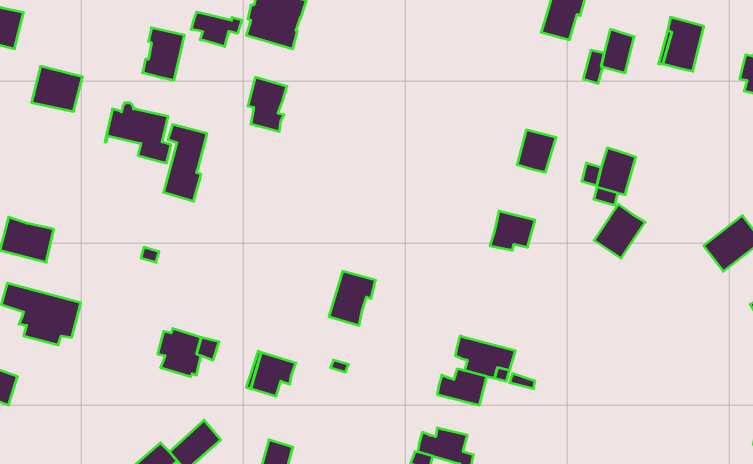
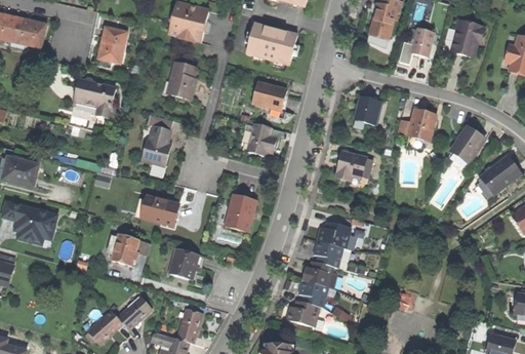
building: [191,12,242,47] -> none
building: none -> [246,23,297,65]
building: [31,66,83,111] -> [11,16,46,47]
building: none -> [252,82,287,111]
building: [163,125,207,201] -> [145,113,174,165]
building: none -> [246,123,276,155]
building: [594,204,645,258] -> [450,126,485,163]
building: none -> [134,194,179,224]
building: none -> [318,221,358,247]
building: none -> [296,277,328,306]

